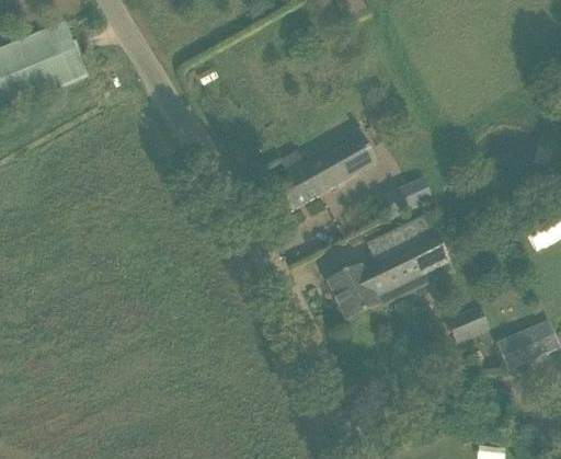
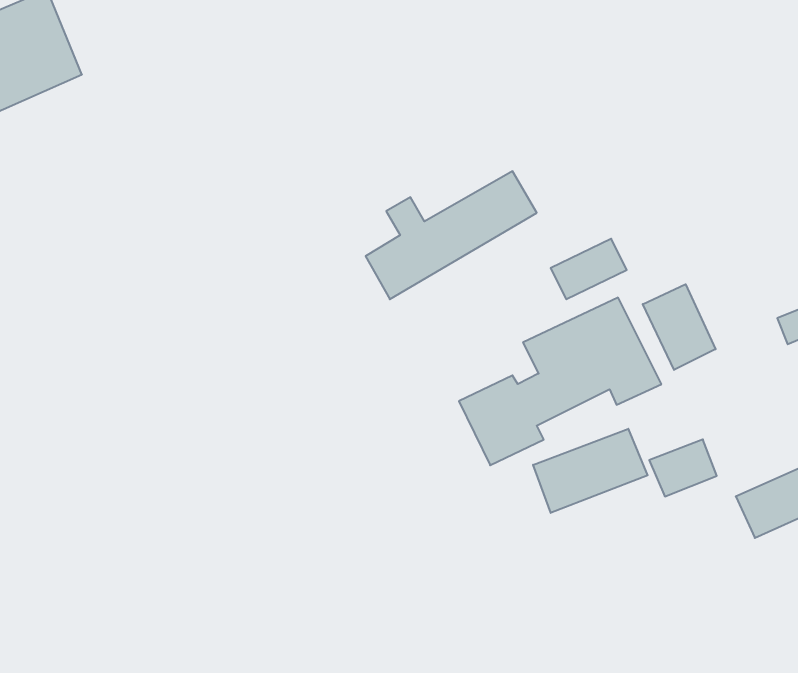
building: none -> [643,284,716,370]
building: none -> [533,429,648,513]

